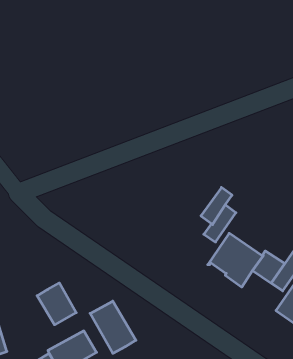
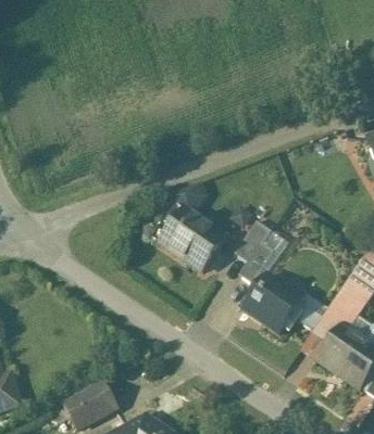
building: none -> [160,205,225,270]
building: [37,283,76,325] -> none
building: [90,301,136,353] -> none

